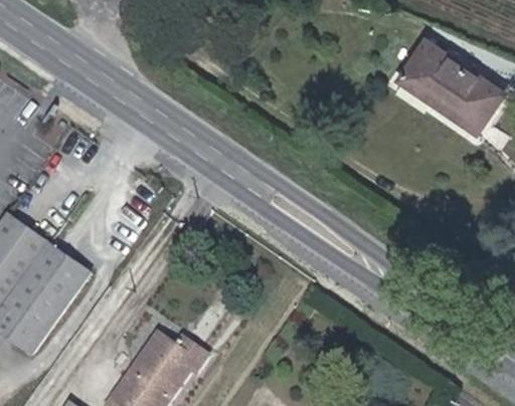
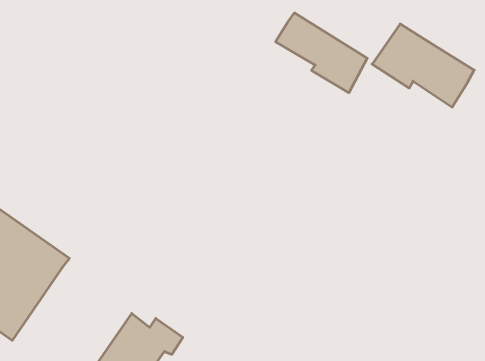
building: none -> [276,13,367,93]

